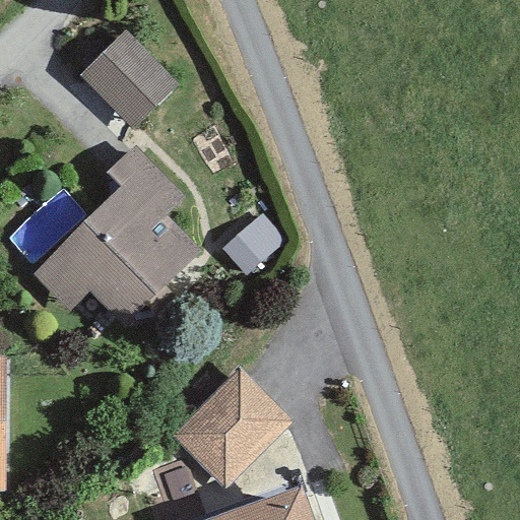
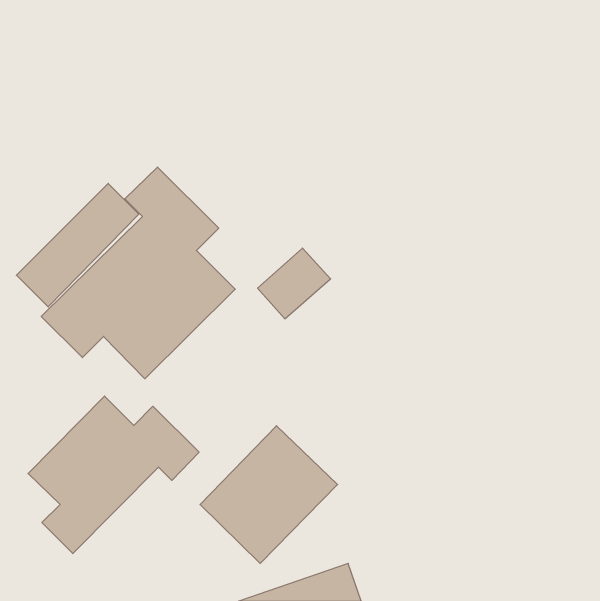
building: [78,28,177,128] -> none
building: none -> [28,396,199,554]

